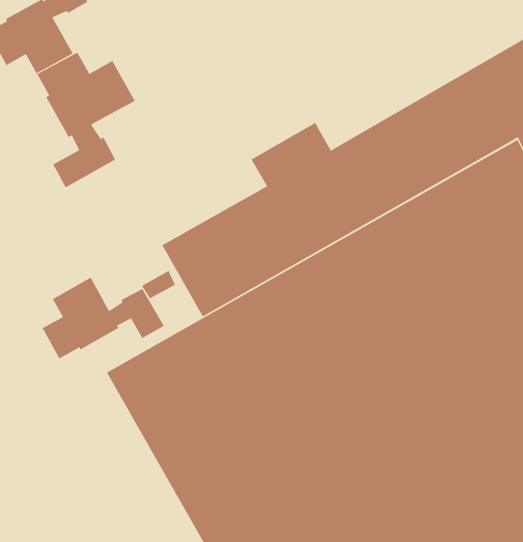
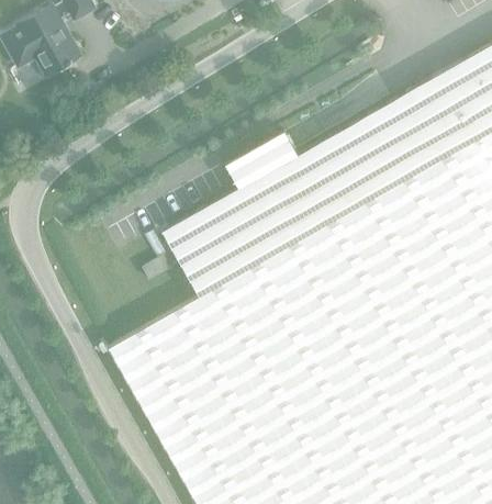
building: [37,52,136,188] -> none
building: [42,277,165,359] -> none

